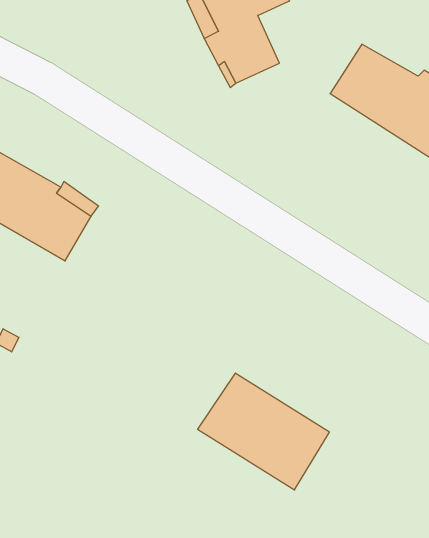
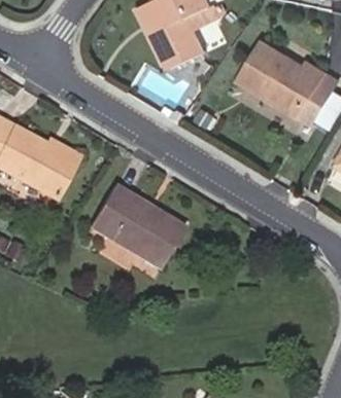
building: [198,373,329,490] -> [88,182,181,265]

